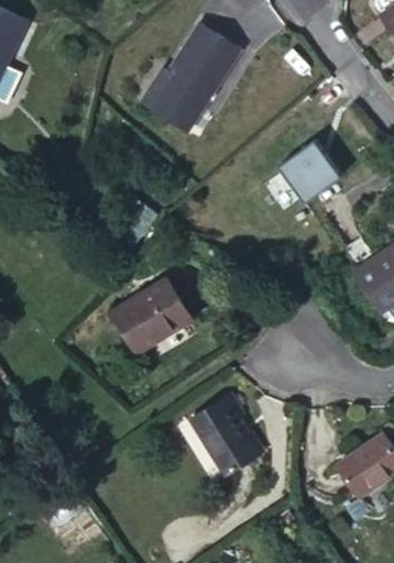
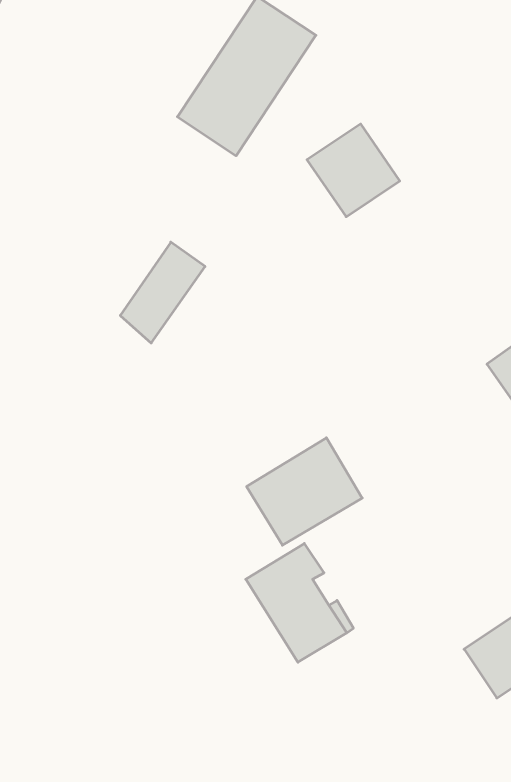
building: [281,143,343,206] -> [307,124,400,217]
building: [112,278,190,351] -> [247,438,362,545]

